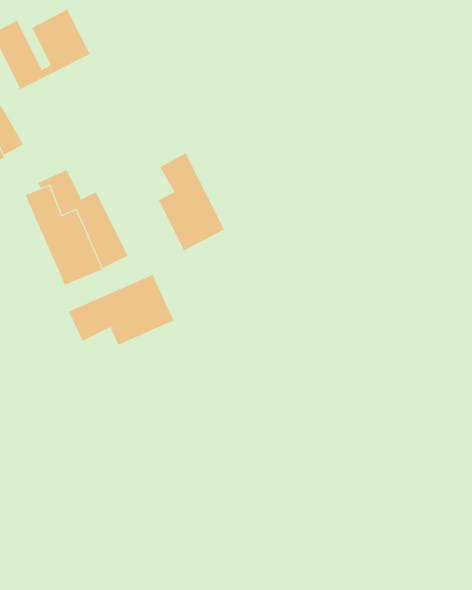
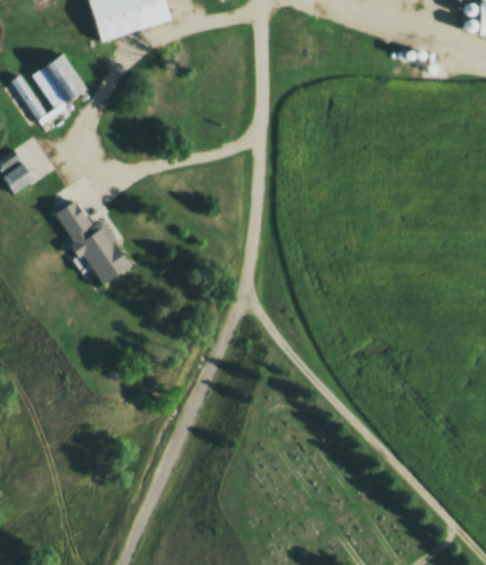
building: [158,152,225,251] -> none
building: [68,274,174,345] -> none

